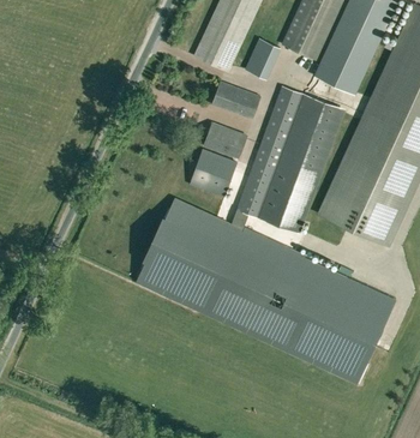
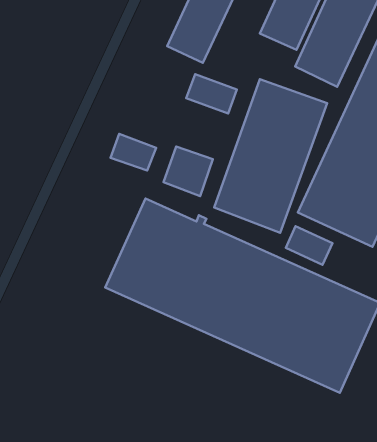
building: [245,37,280,78] -> none
building: [203,122,246,157] -> [110,134,156,171]
building: none -> [286,226,332,265]

